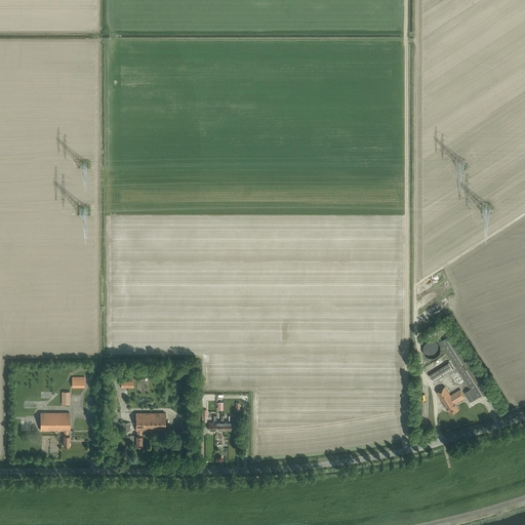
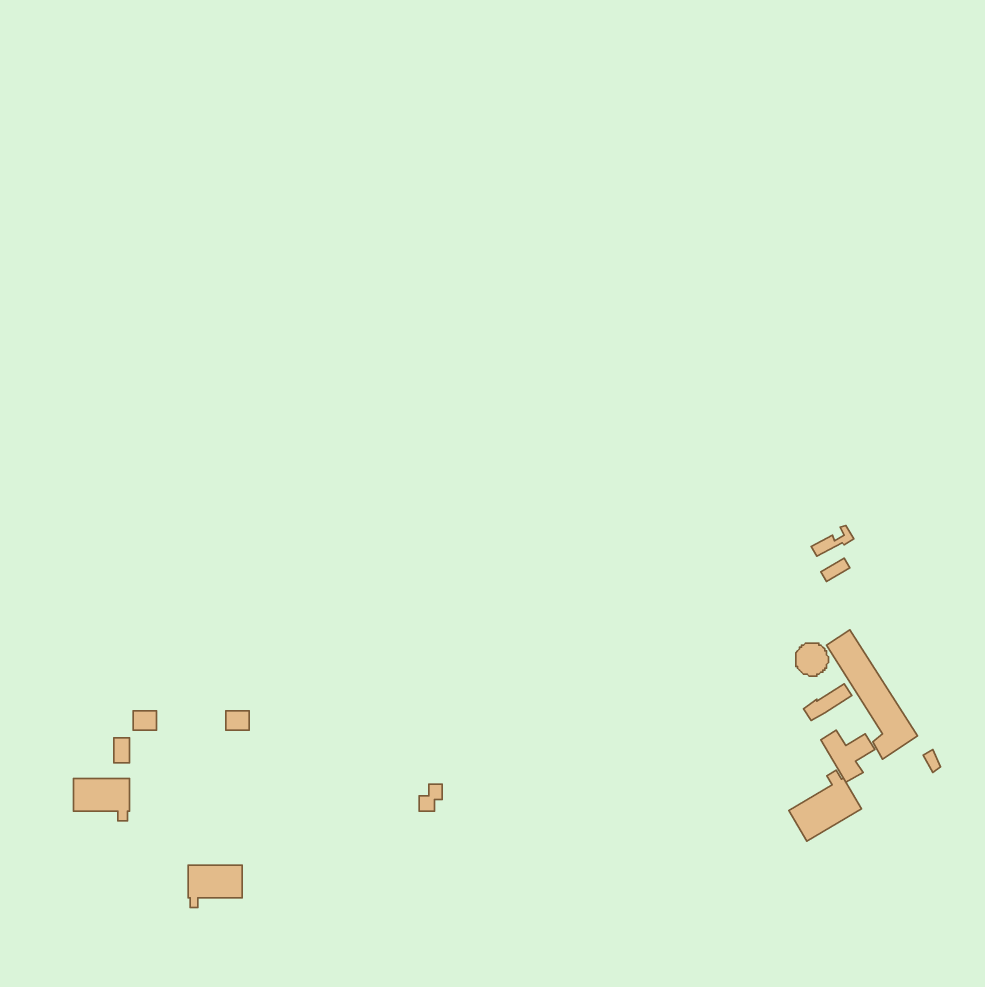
building: none -> [789,770,862,841]
building: [135,413,164,436] -> [188,865,242,908]

